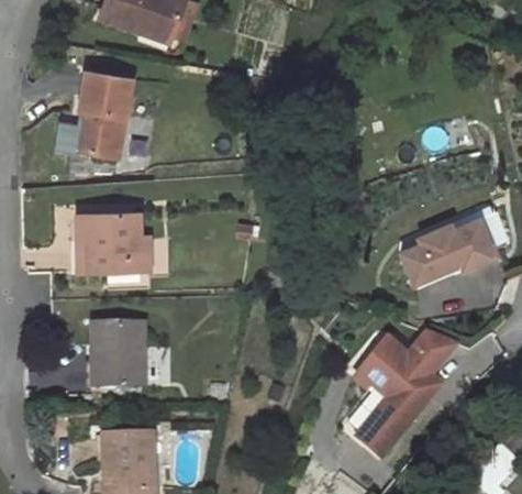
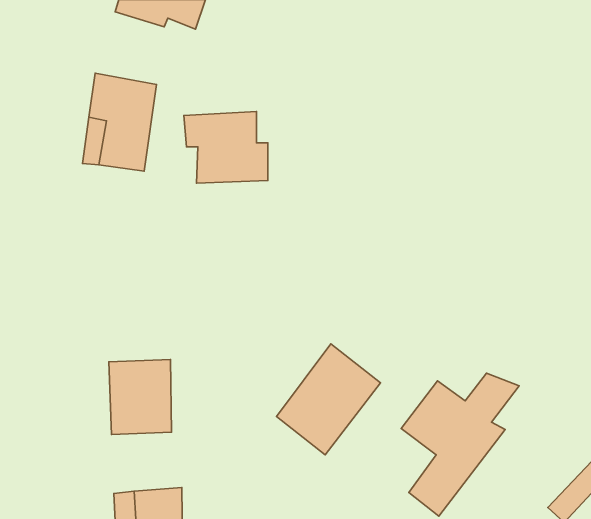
building: [79,204,153,266] -> [184,112,268,183]
building: [399,220,497,284] -> none
building: none -> [276,344,381,455]

